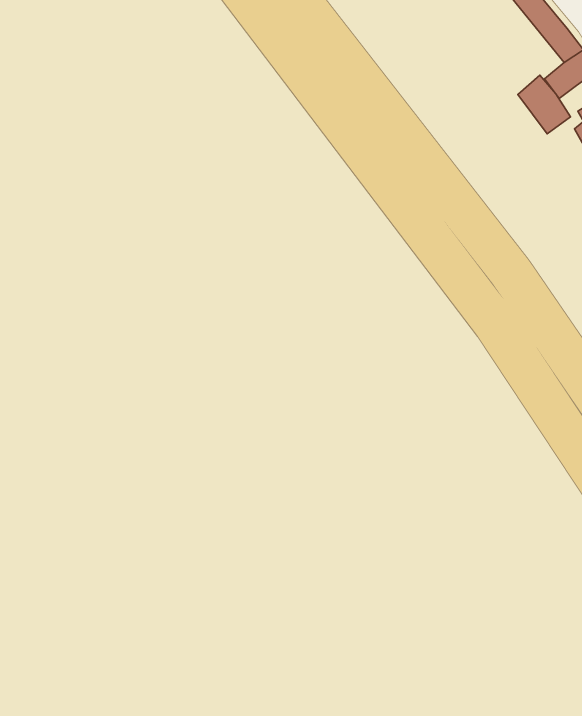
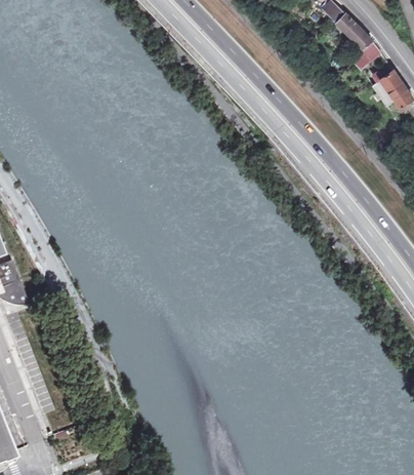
building: [518,75,571,134] -> none

